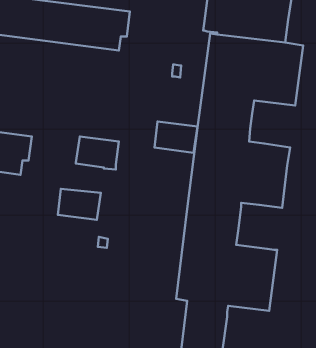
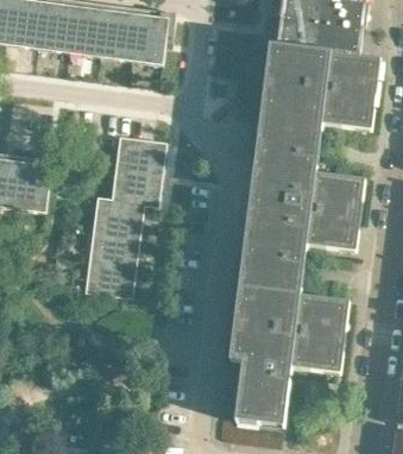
building: [154,122,198,153] -> [115,135,166,172]
building: none -> [93,195,144,233]
building: none -> [84,259,136,297]

